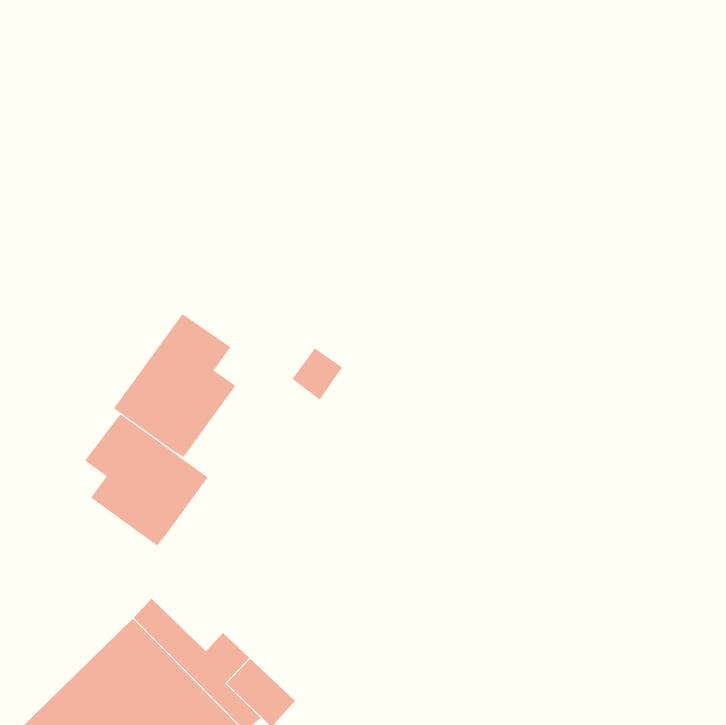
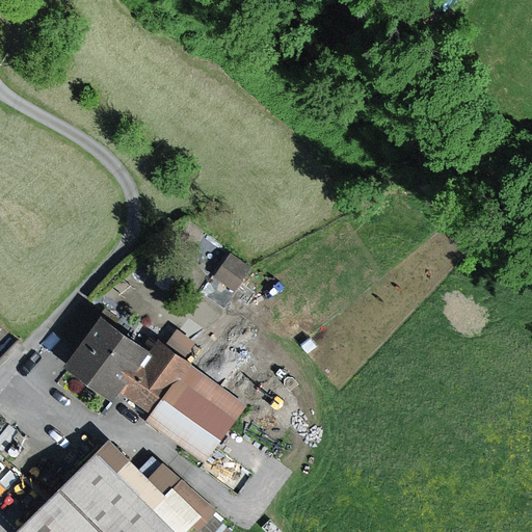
building: [113,313,236,458] -> none
building: none -> [121,341,245,466]

